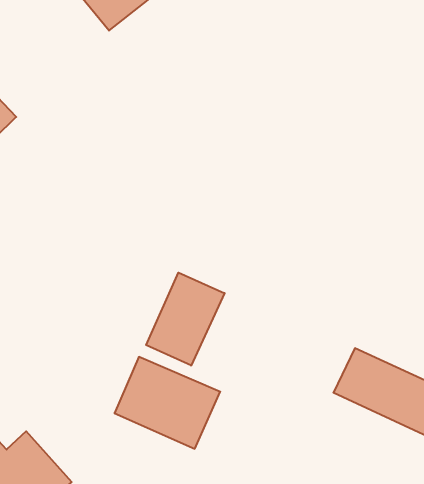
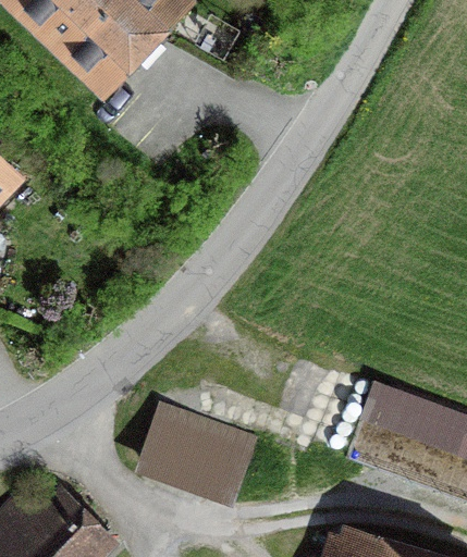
building: [146,273,225,366] -> none

